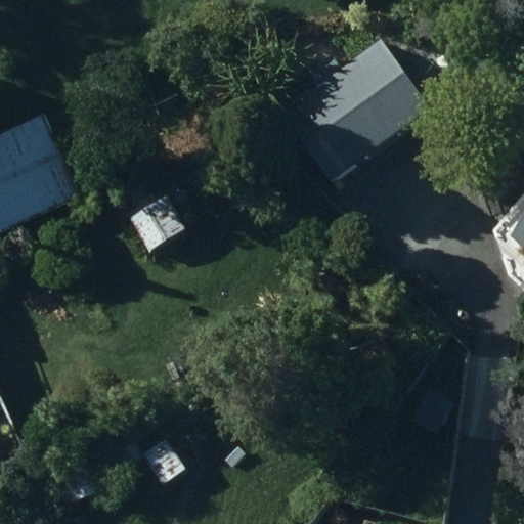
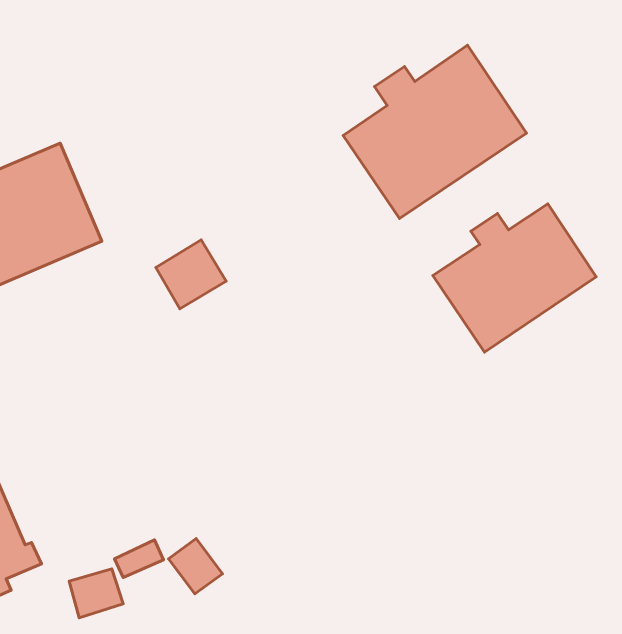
building: none -> [433,204,596,352]

